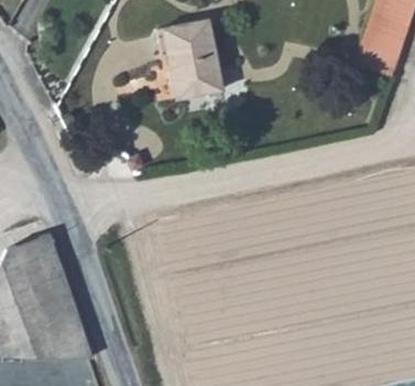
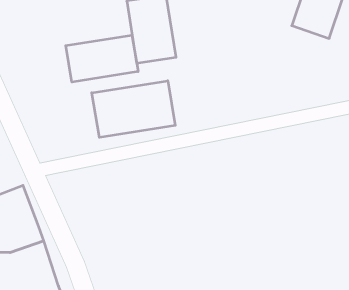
building: none -> [66,35,138,82]
building: none -> [92,81,175,137]

